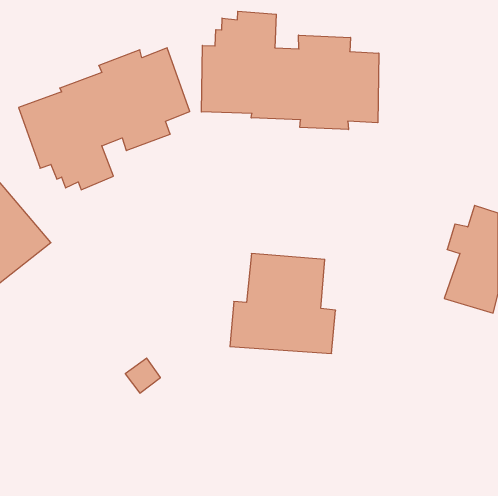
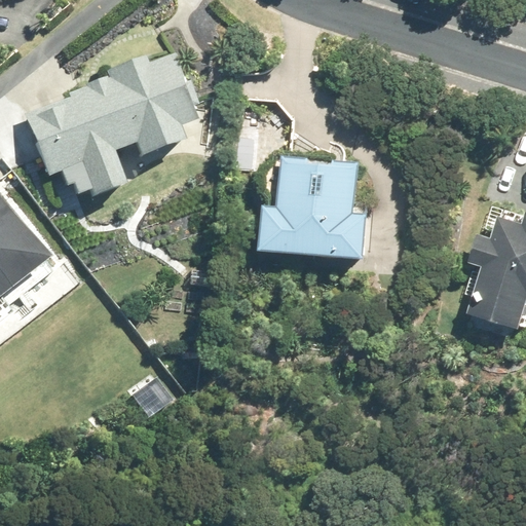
building: [201,11,379,130] -> none
building: [230,254,336,353] -> [259,155,370,260]

